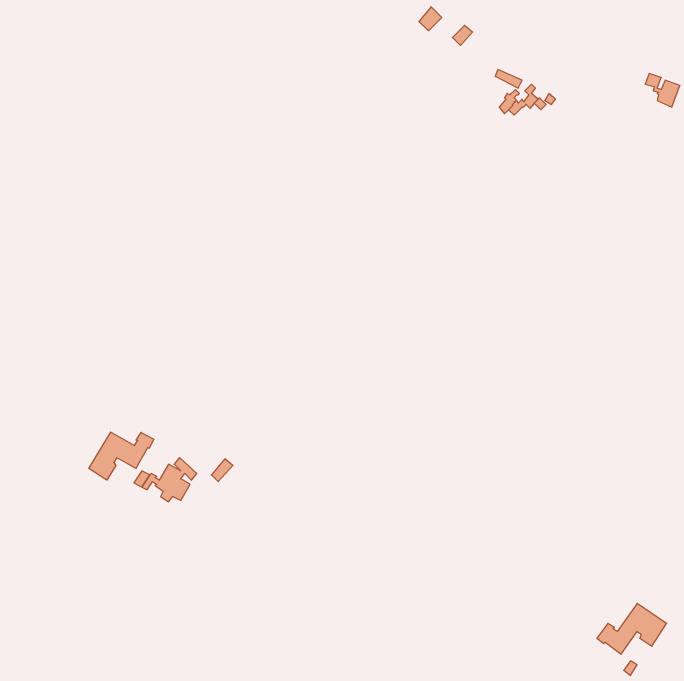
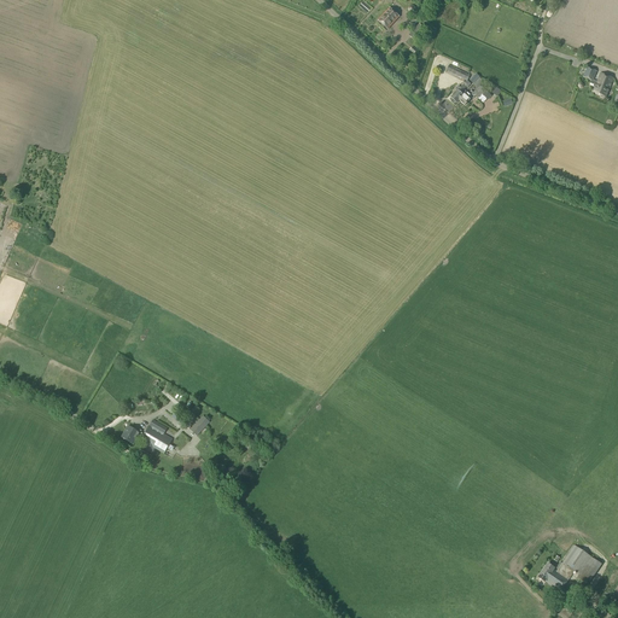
building: [89,432,154,480] -> none

